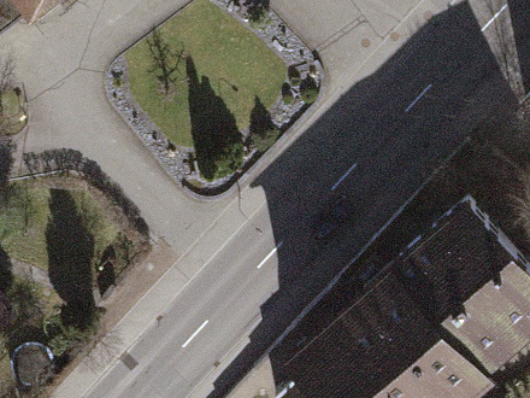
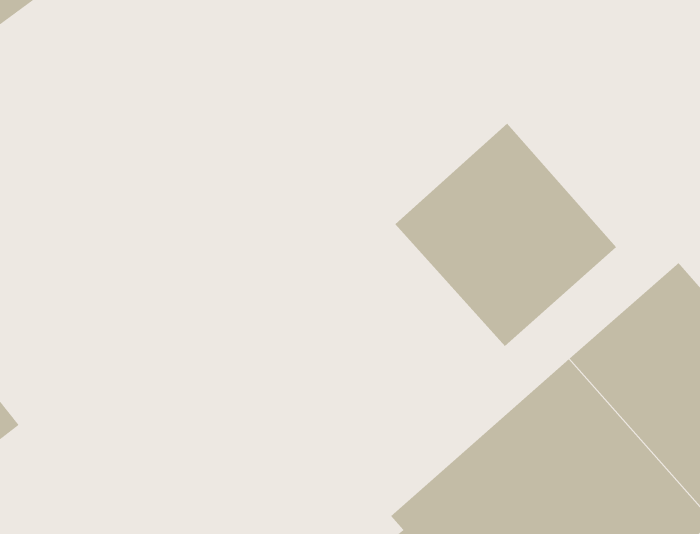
building: none -> [394,123,617,347]

